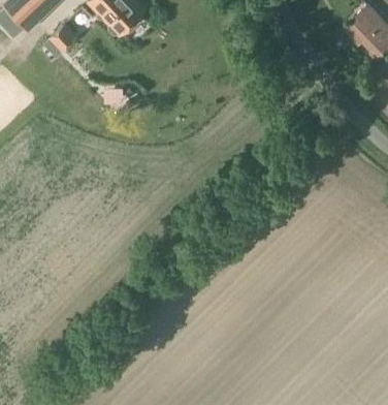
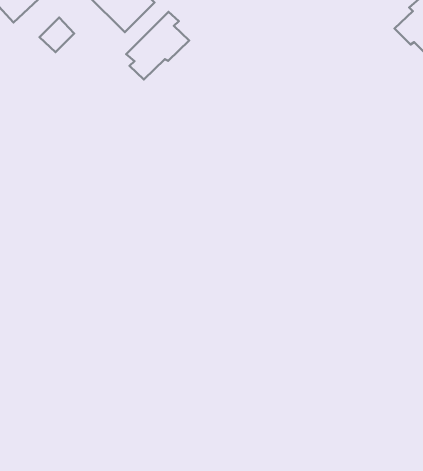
building: none -> [126,12,189,80]

